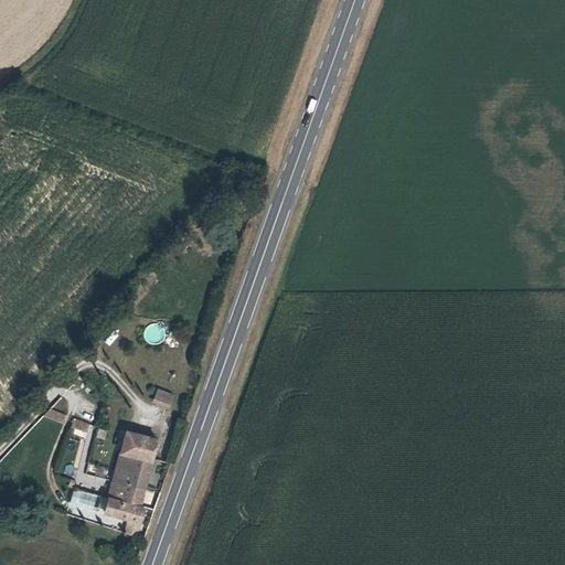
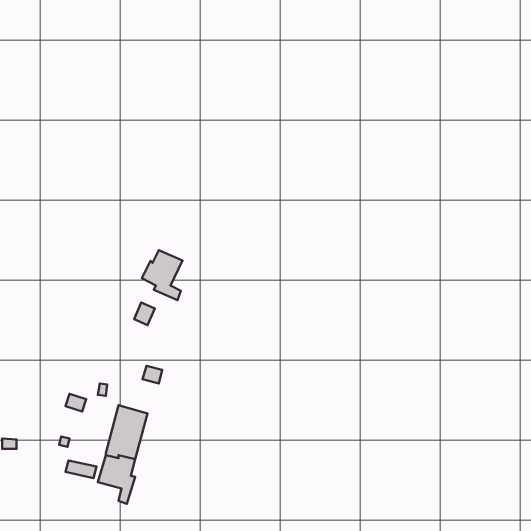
building: none -> [142,250,183,300]

